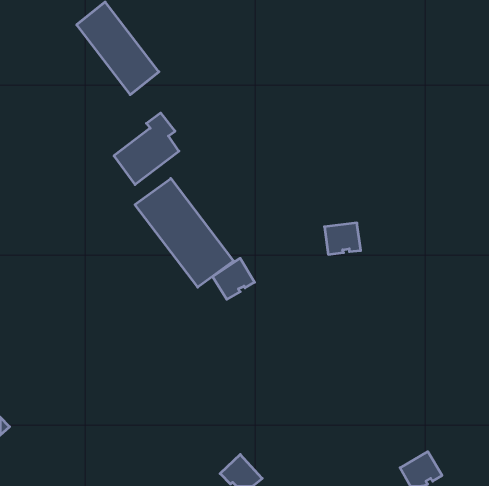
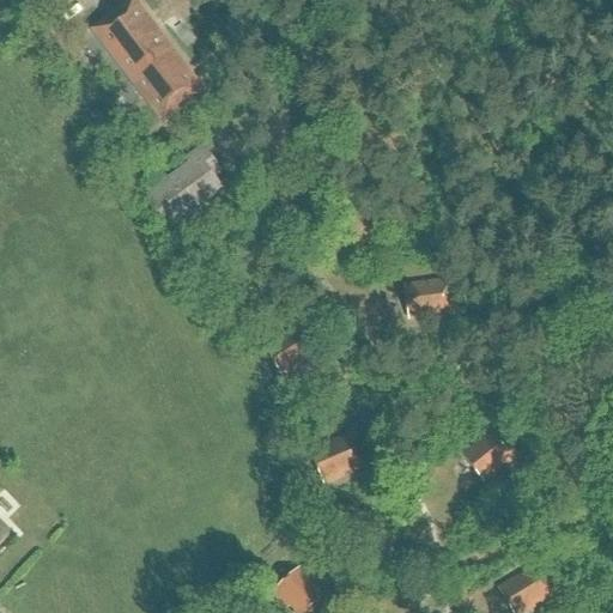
building: [135,178,234,287] -> none
building: none -> [463,427,517,480]
building: none -> [312,435,363,482]

